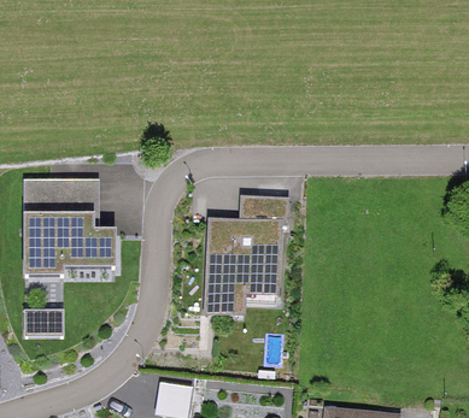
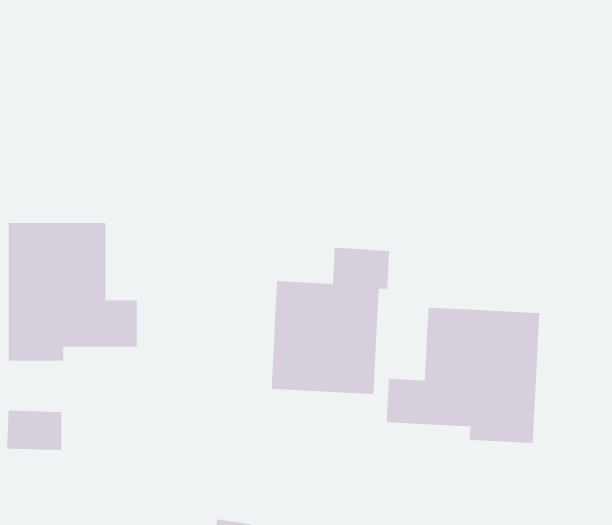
building: none -> [386,307,540,444]

